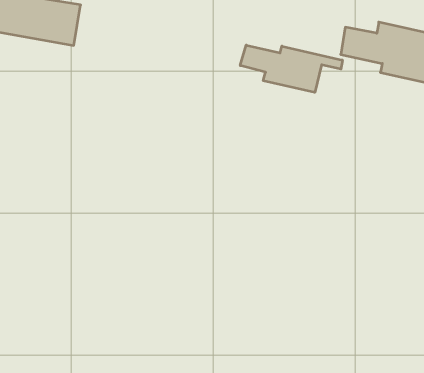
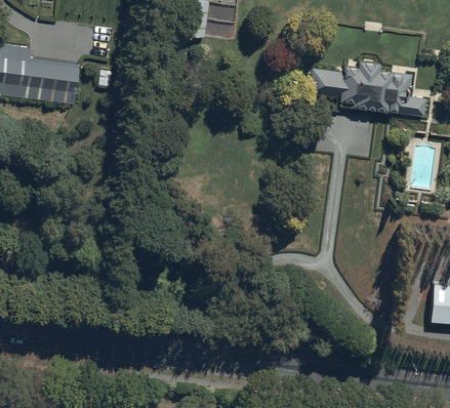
building: [240,45,342,92] -> none

